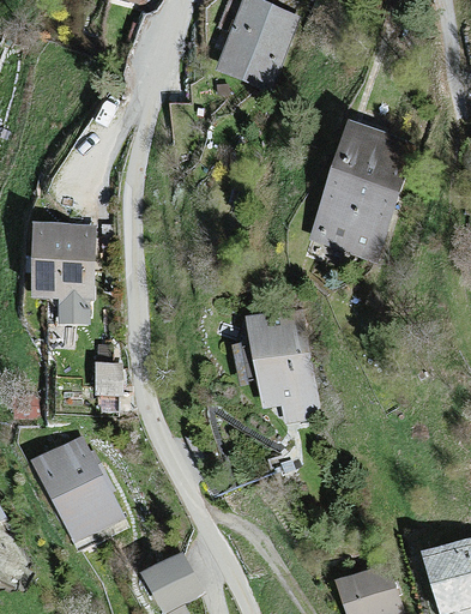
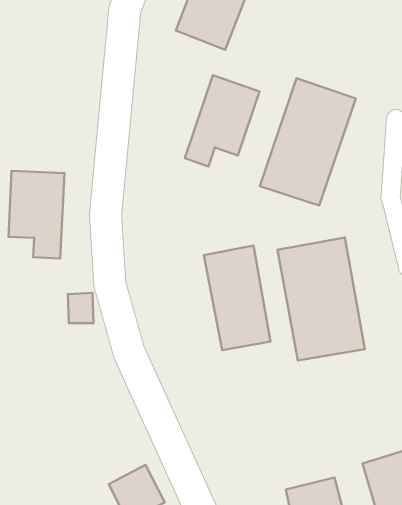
building: none -> [185,75,260,167]
building: none -> [277,237,365,361]
building: [35,434,128,544] -> none

